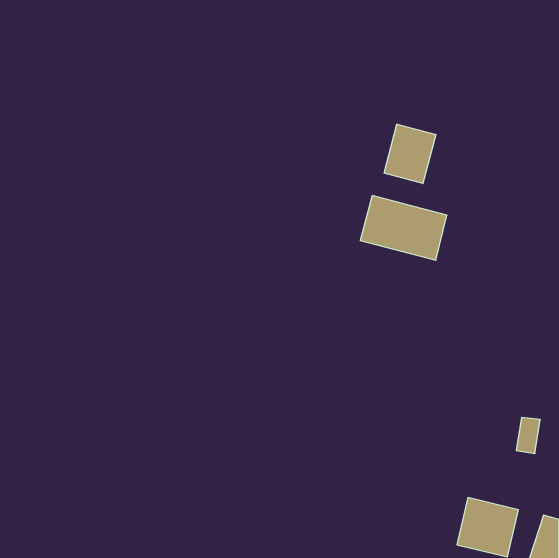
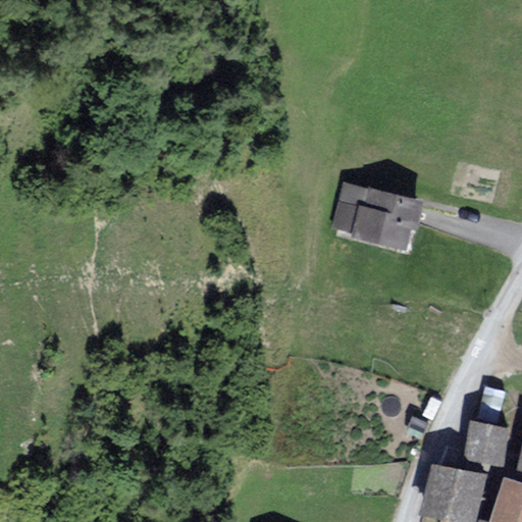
building: [384,124,436,184] -> none
building: none -> [466,423,506,461]

